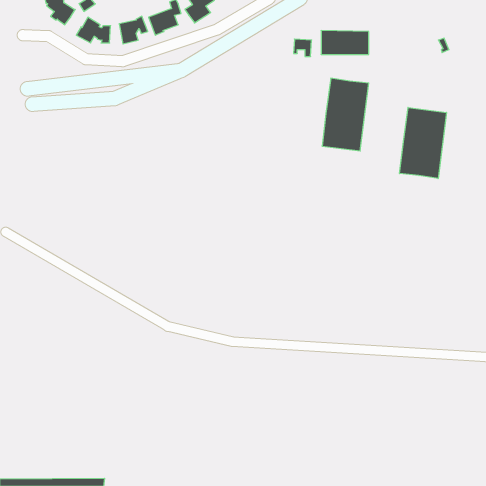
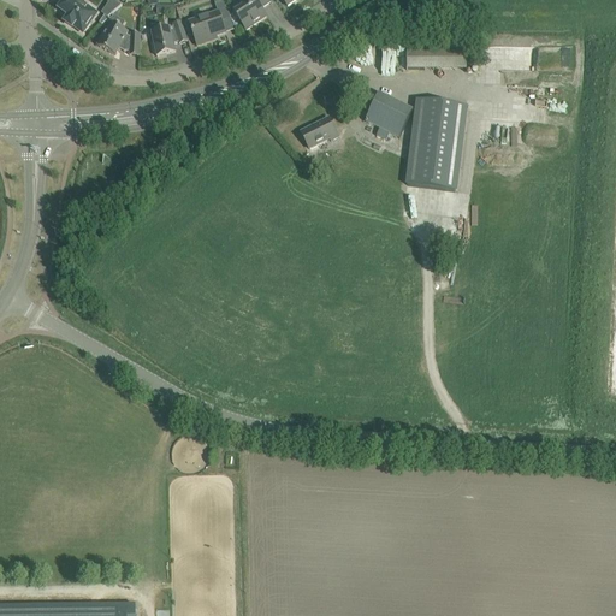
building: none -> [365,93,410,138]
building: none -> [300,117,337,148]
building: [400,107,446,179] -> none

